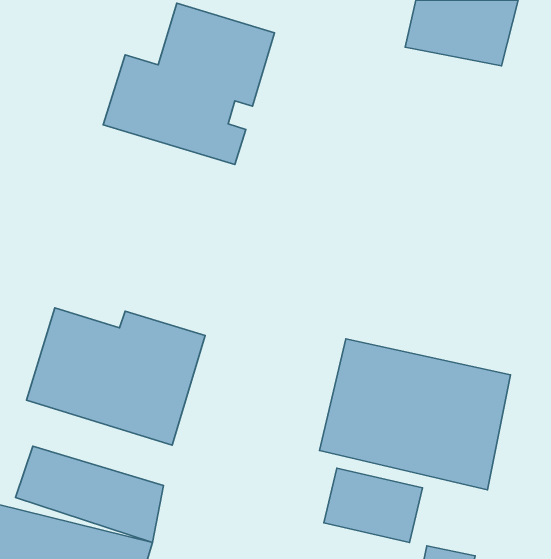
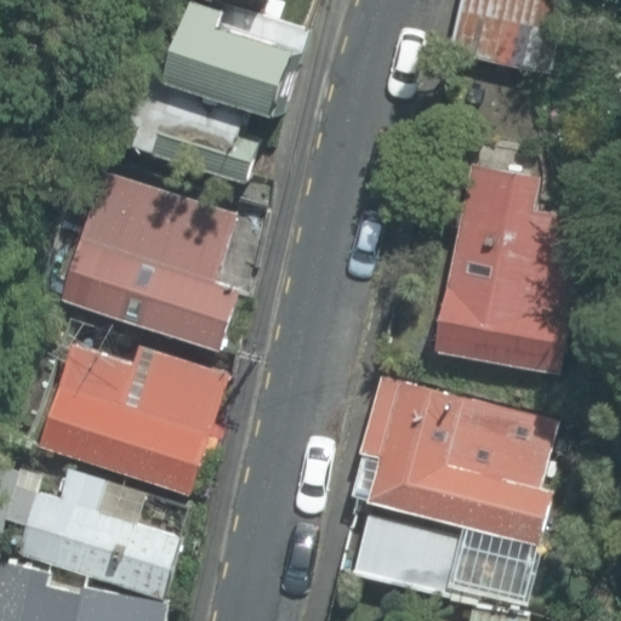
building: none -> [401,149,562,370]
building: none -> [79,176,243,355]

